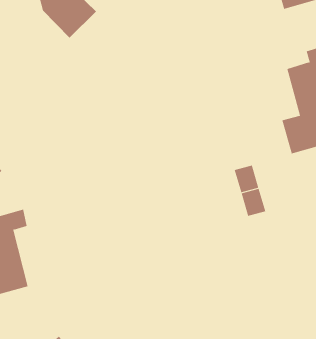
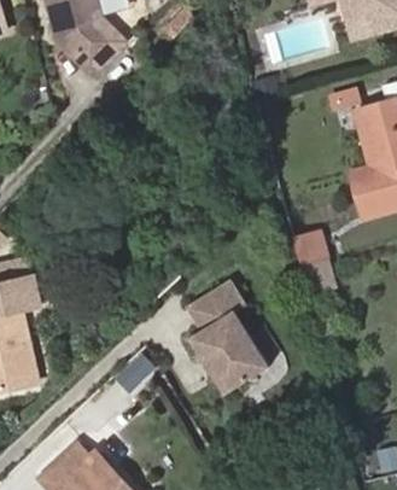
building: none -> [191,284,272,397]

